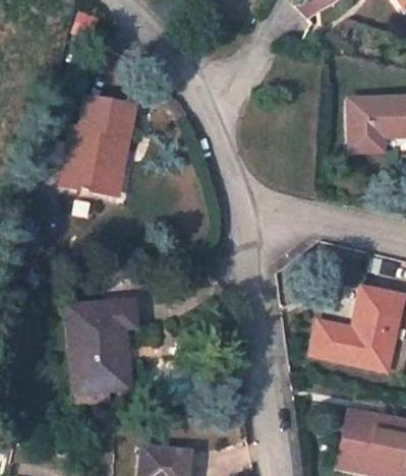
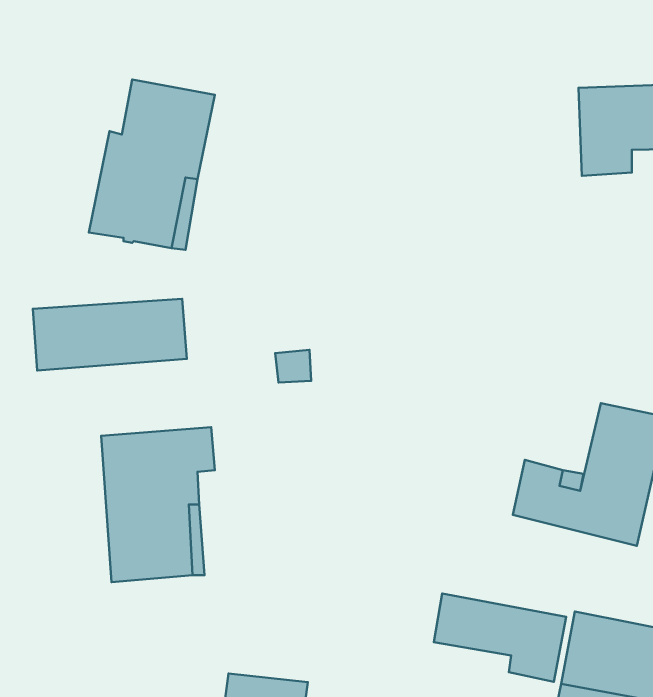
building: none -> [33,299,187,370]
building: none -> [434,593,566,682]

